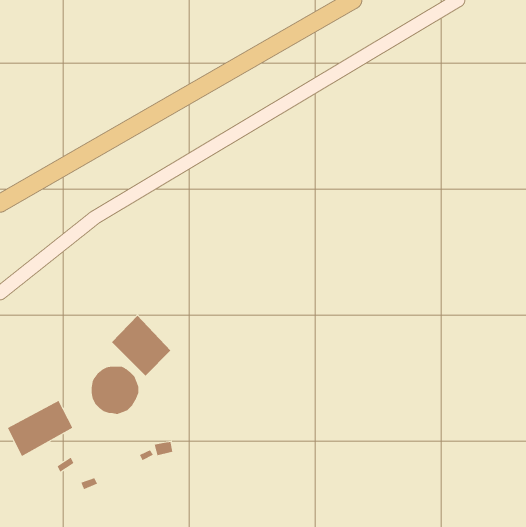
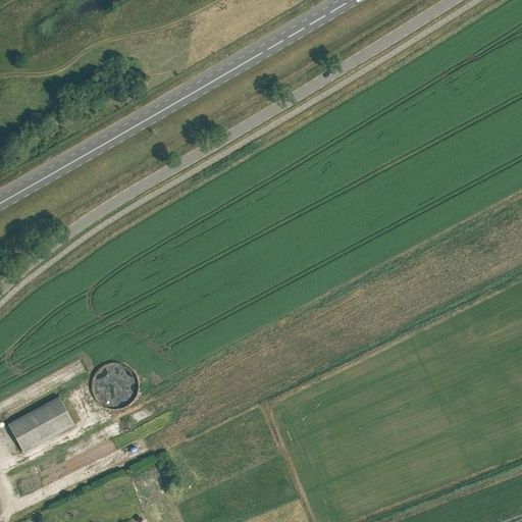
building: [111,315,171,377] -> none

